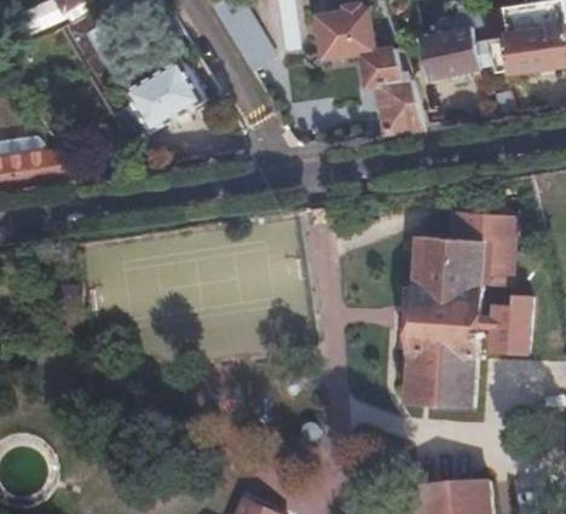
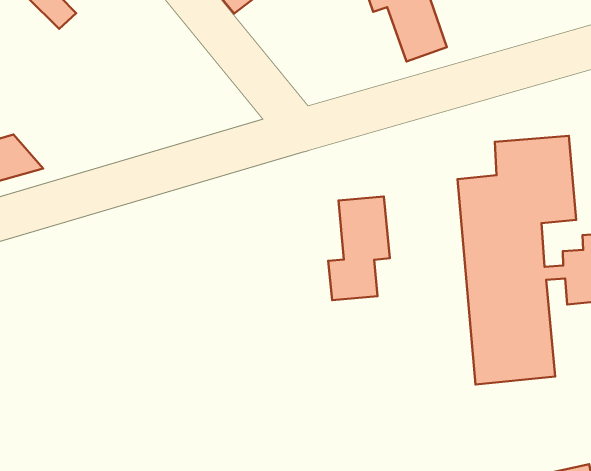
building: [126,58,203,131] -> none
building: none -> [328,196,390,300]

